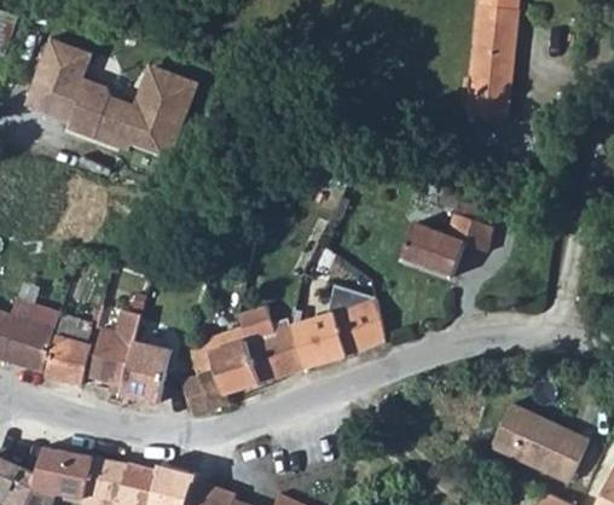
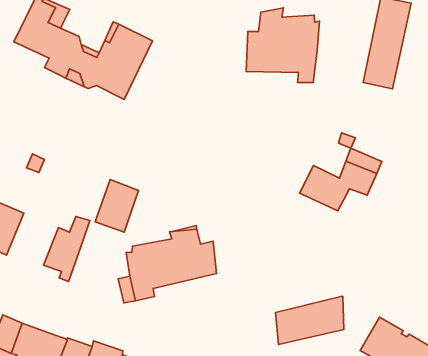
building: none -> [246,8,320,82]
building: [296,301,383,367] -> [276,296,344,345]
building: [44,331,92,382] -> none
building: [120,338,170,402] -> [95,180,138,232]

